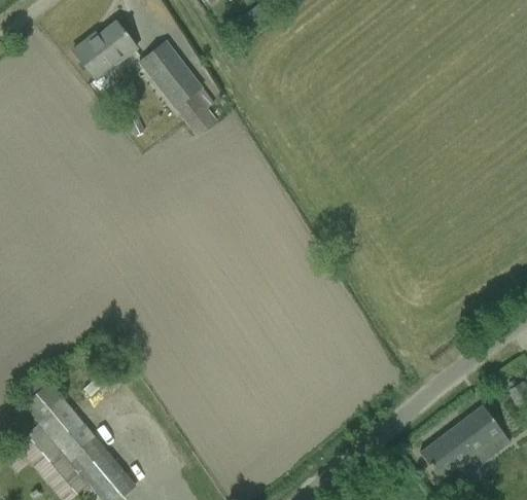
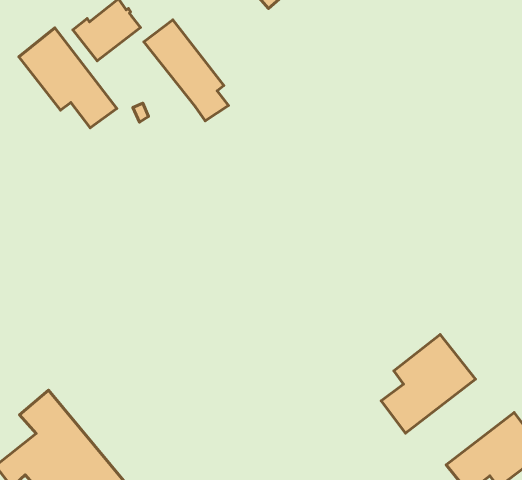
building: none -> [19,28,117,128]
building: none -> [381,334,476,433]

